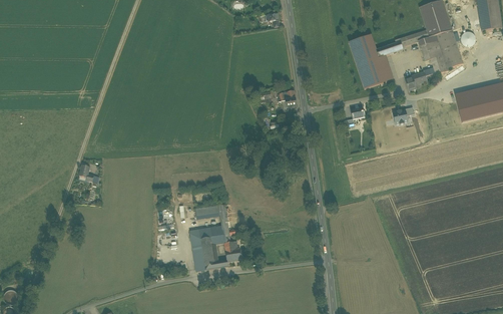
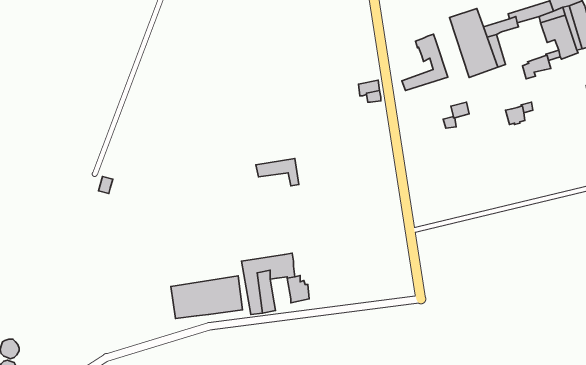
building: none -> [402,34,448,91]
building: [194,204,227,225] -> [256,158,299,186]
building: none -> [171,276,243,319]

